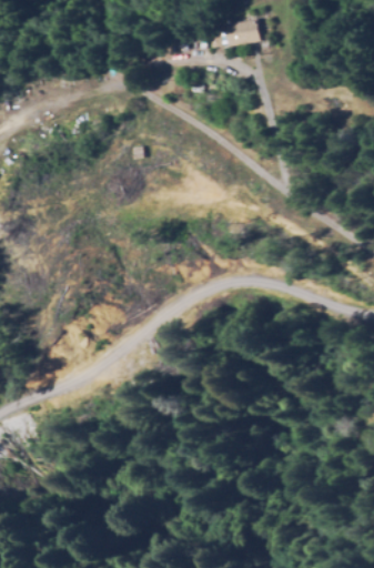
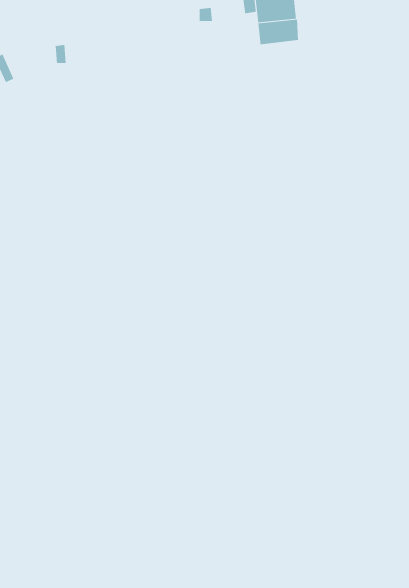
building: none -> [258,19,299,45]

